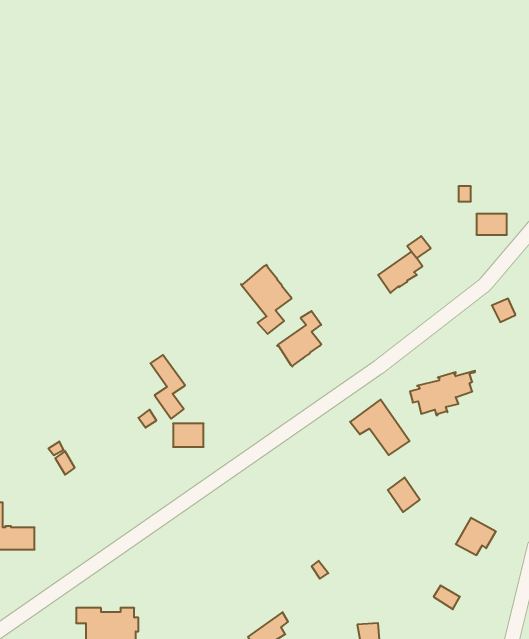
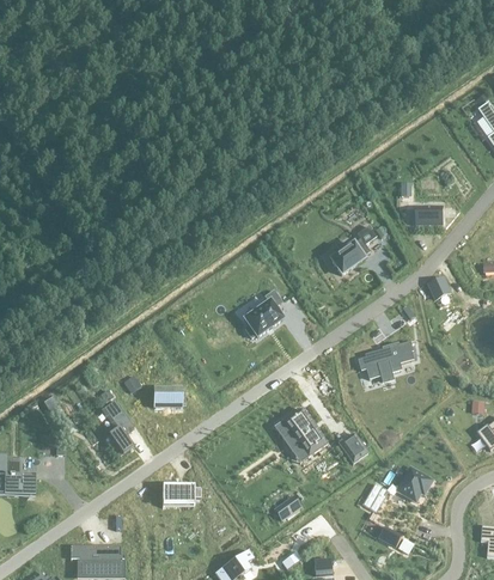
building: [241,265,291,334] -> none
building: [150,355,185,419] -> [100,396,130,451]
building: [350,400,410,455] -> [274,408,325,456]
building: none -> [161,484,199,505]

